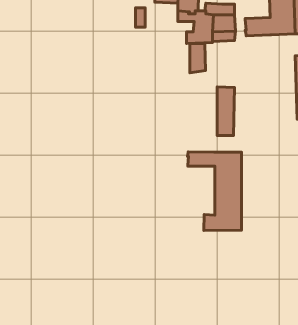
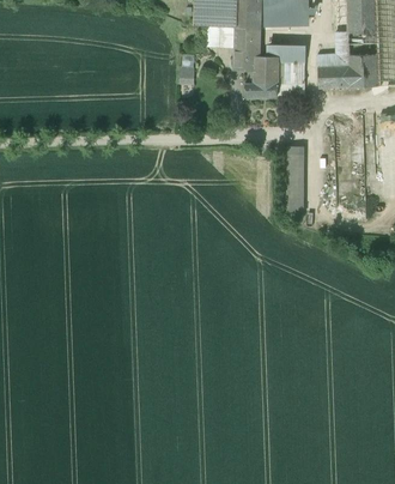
building: [190,43,205,73] -> none
building: [187,152,241,230] -> none

